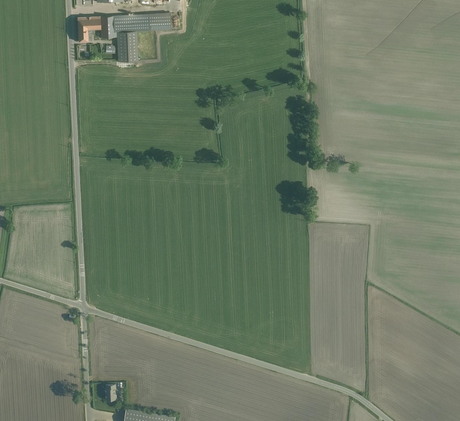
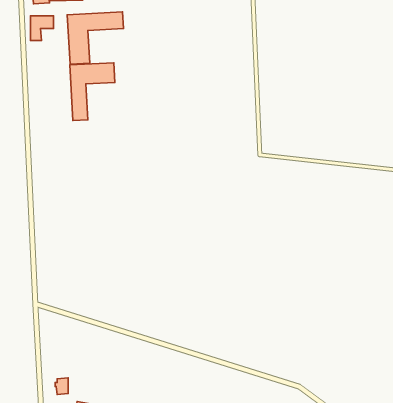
building: none -> [70,63,115,121]

